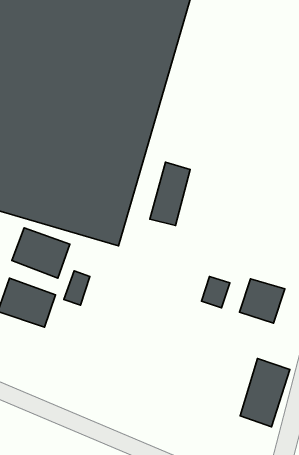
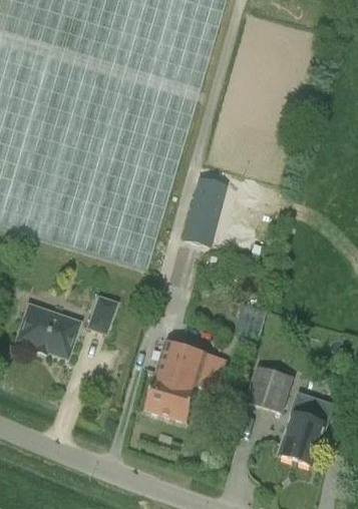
building: [12,228,70,278] -> none
building: [240,279,285,323] -> [246,364,295,412]
building: none -> [146,340,226,422]

